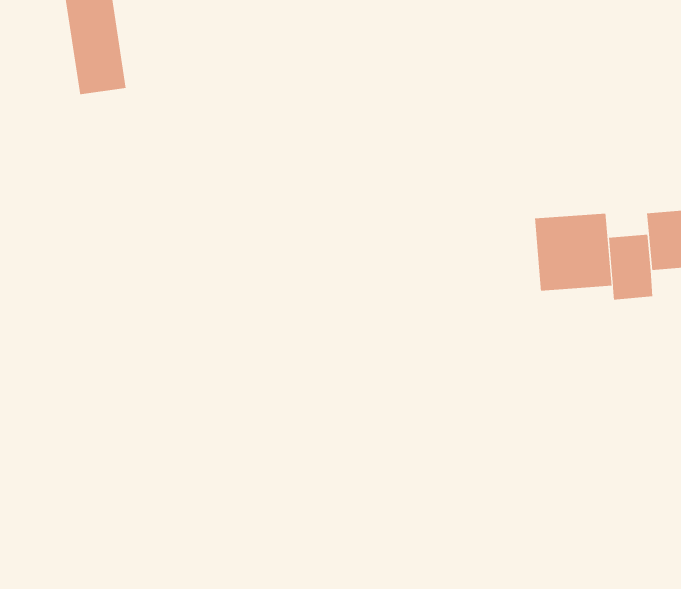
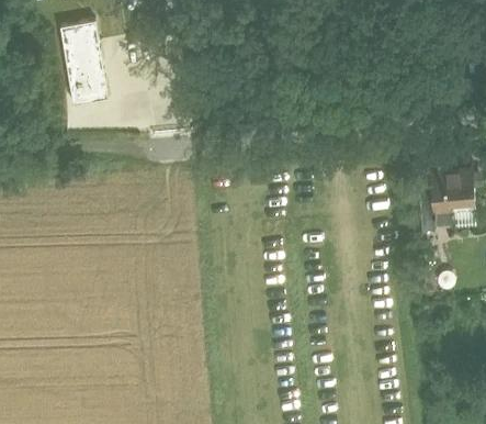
building: [534,213,612,291] -> none

